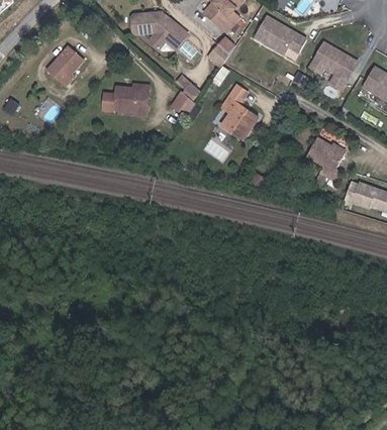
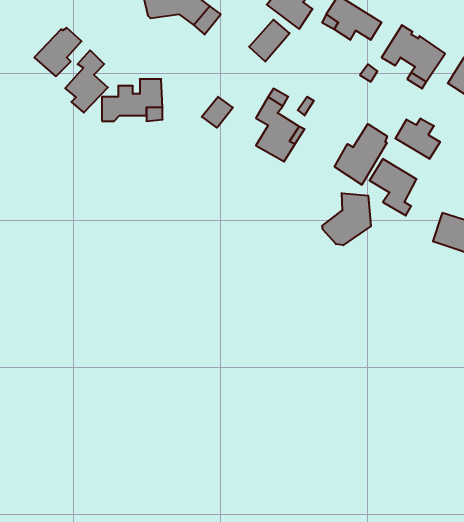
building: none -> [65,50,108,113]
building: none -> [395,118,440,159]
building: none -> [335,124,387,185]
building: none -> [322,193,371,245]

